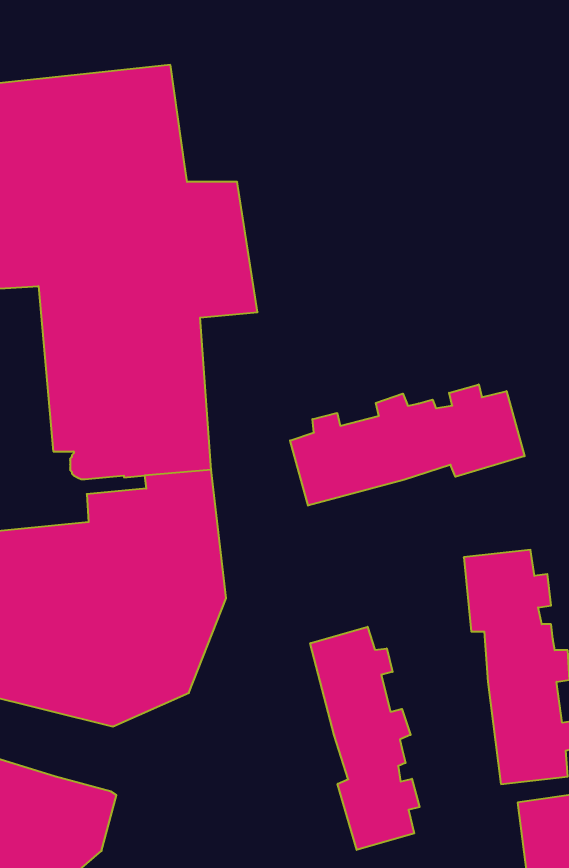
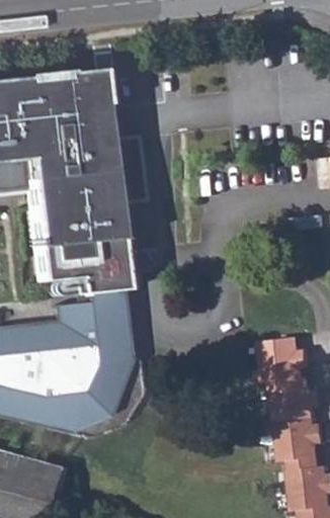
building: [290,384,525,506] -> none
building: [310,627,420,850] -> none

